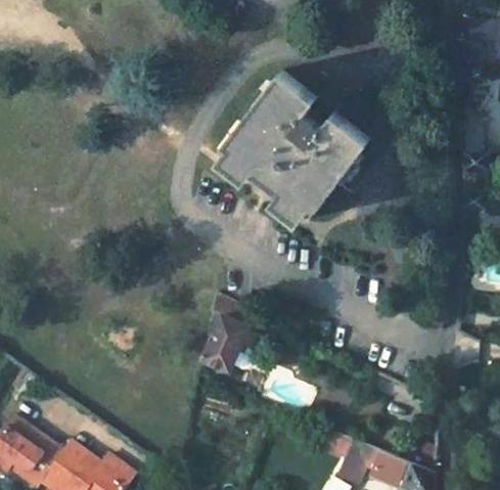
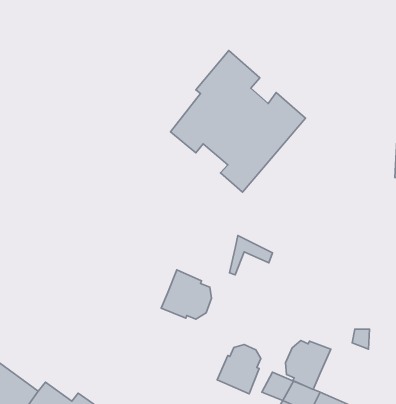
building: [206,298,254,342] -> [230,235,272,275]
building: none -> [285,340,331,389]
building: none -> [217,344,261,394]

